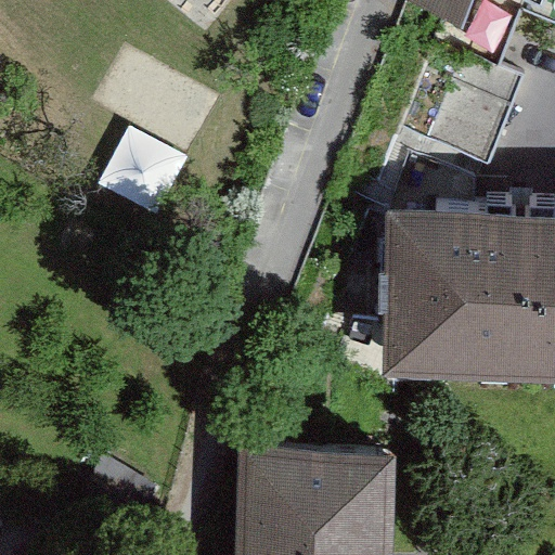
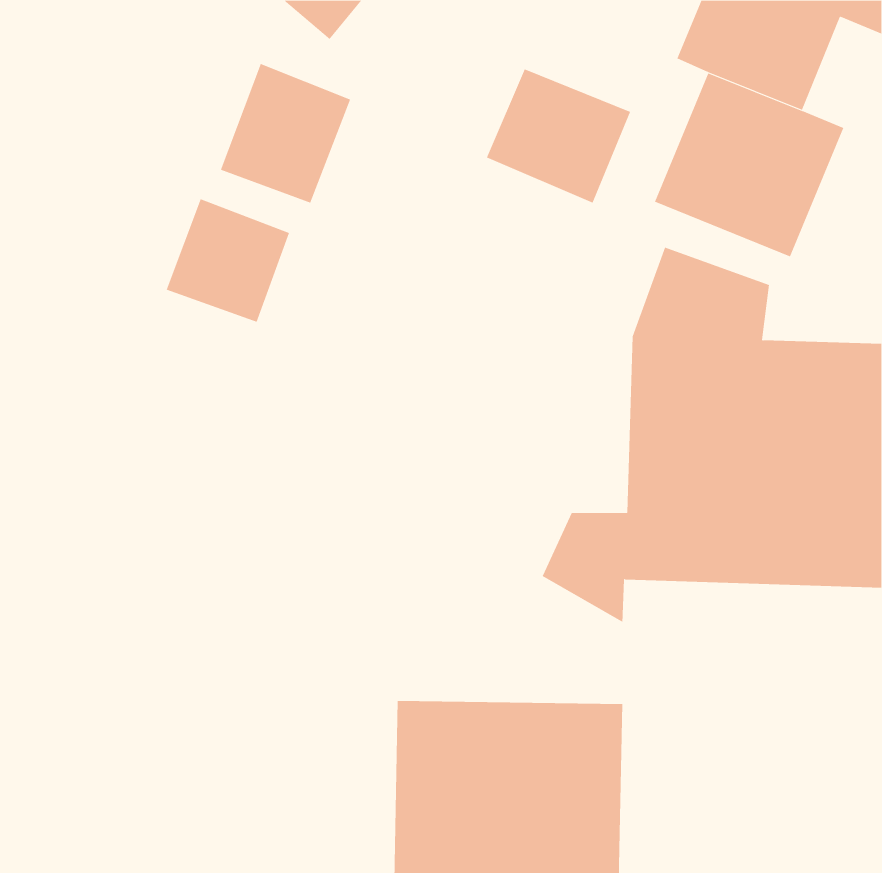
building: none -> [220,63,351,204]
building: none -> [486,68,631,204]

